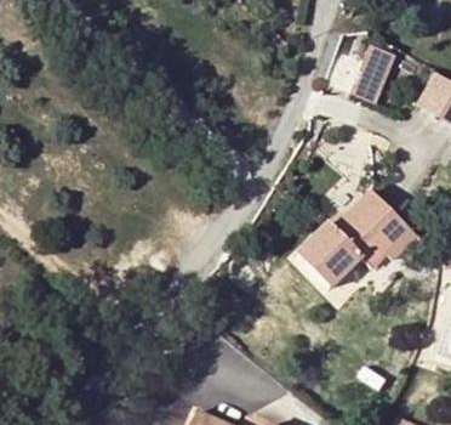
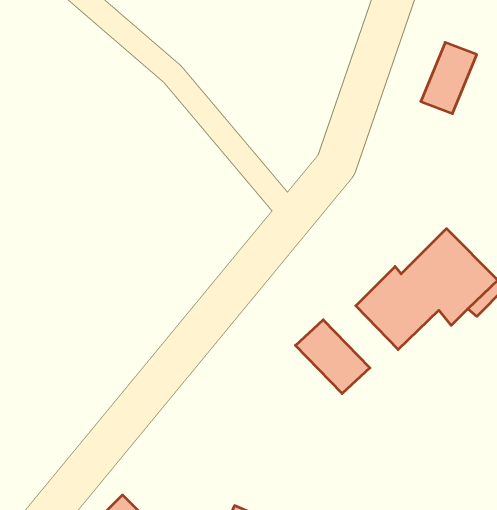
building: none -> [295,320,370,394]

